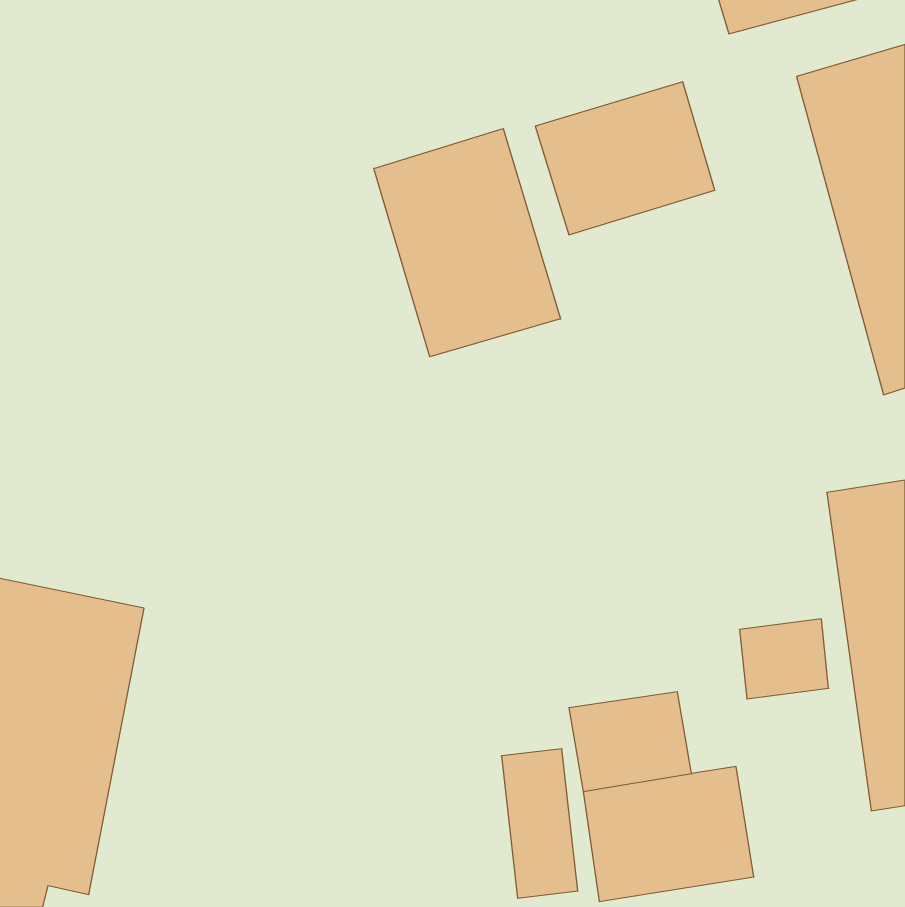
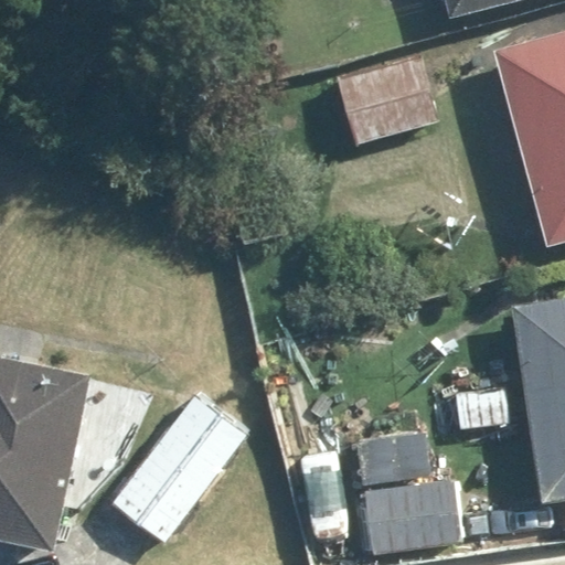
building: [374,129,561,357] -> none
building: none -> [106,393,249,548]

